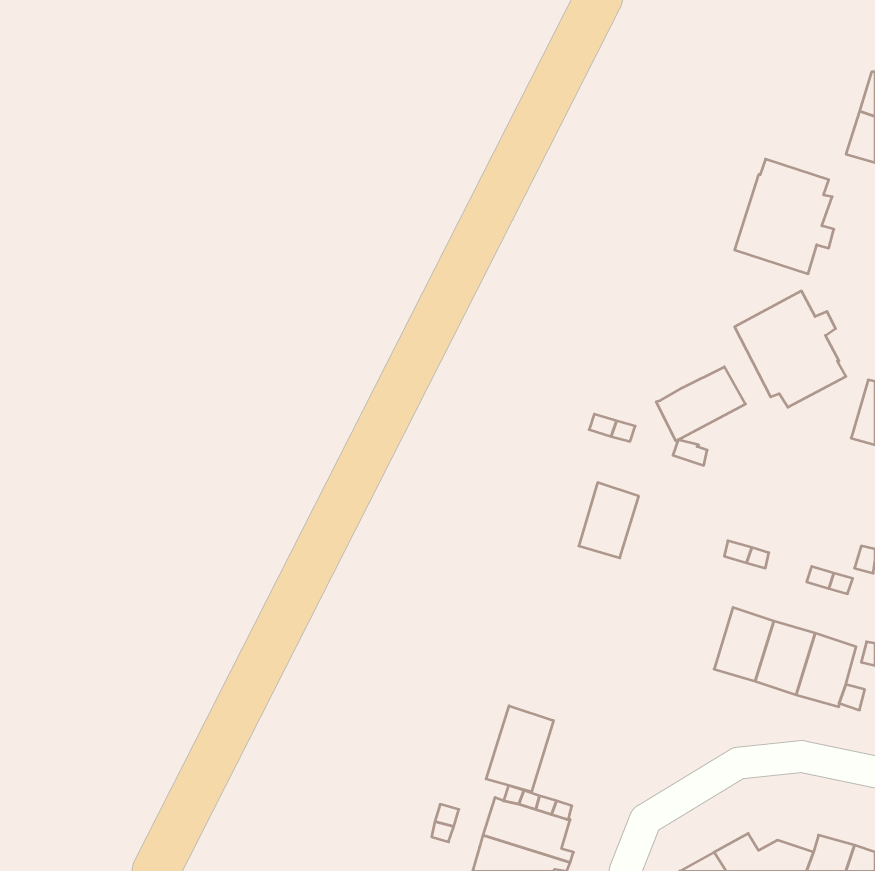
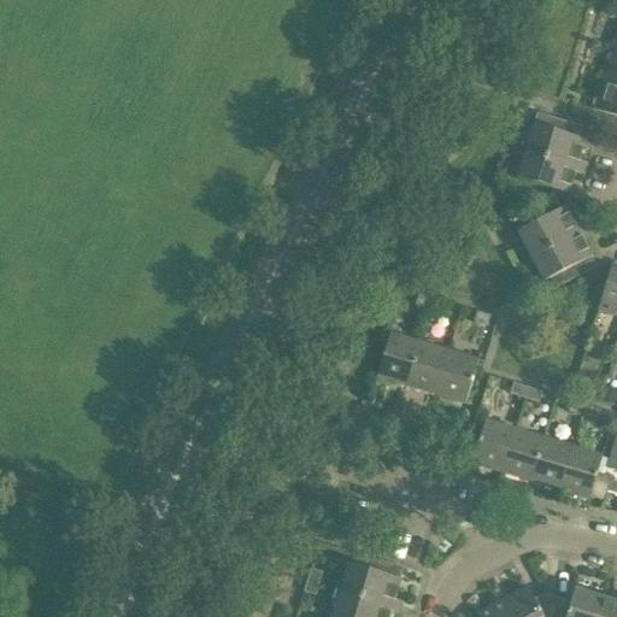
building: [656,367,746,441] -> none
building: none -> [377,330,421,384]
building: none -> [436,349,480,402]
building: none -> [474,419,516,471]
building: [486,706,553,792] -> none

